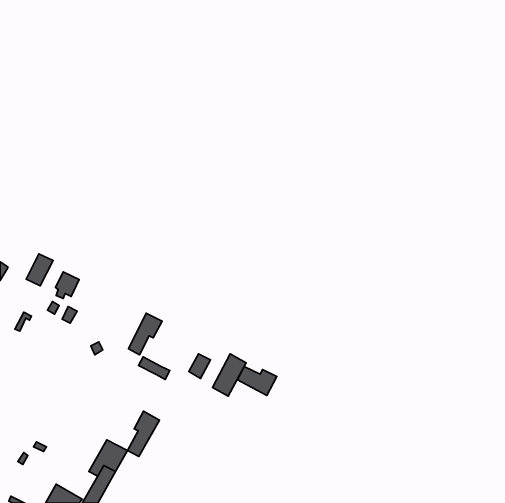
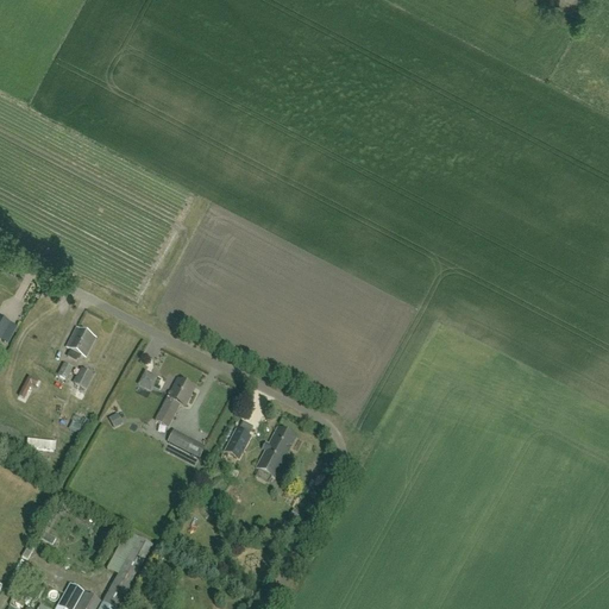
building: [26,254,53,286] -> none
building: [237,366,277,395] -> none
building: [127,411,159,457] -> none

